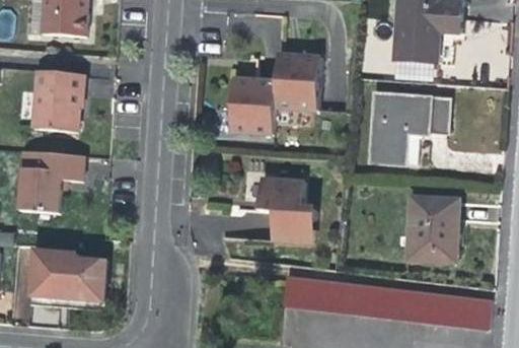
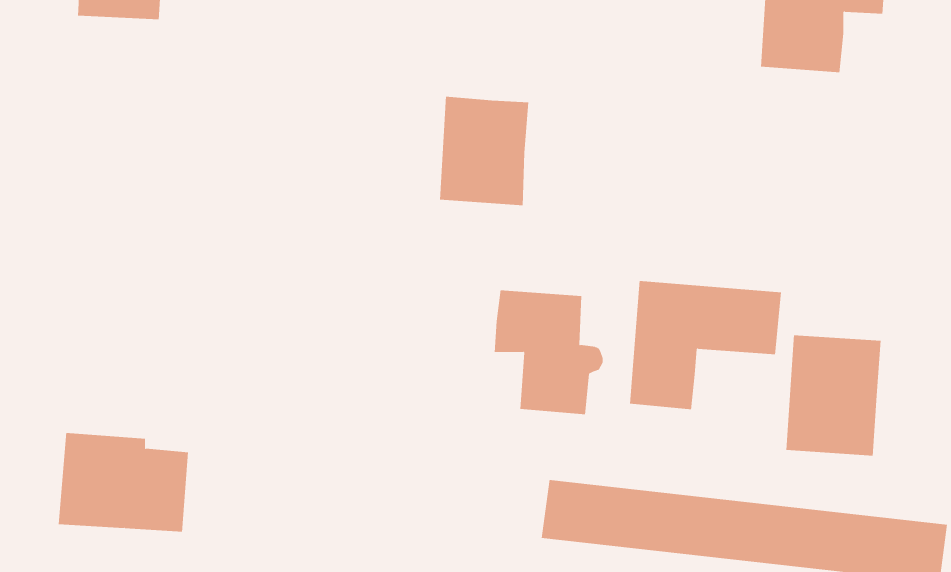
building: [275,53,320,109] -> none
building: [33,71,83,132] -> none
building: [371,95,450,162] -> [629,281,782,410]
building: [20,152,83,214] -> none

